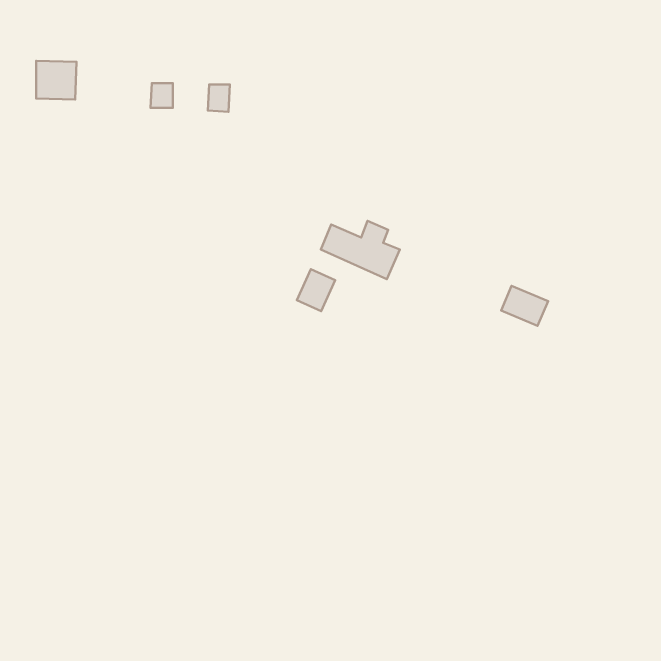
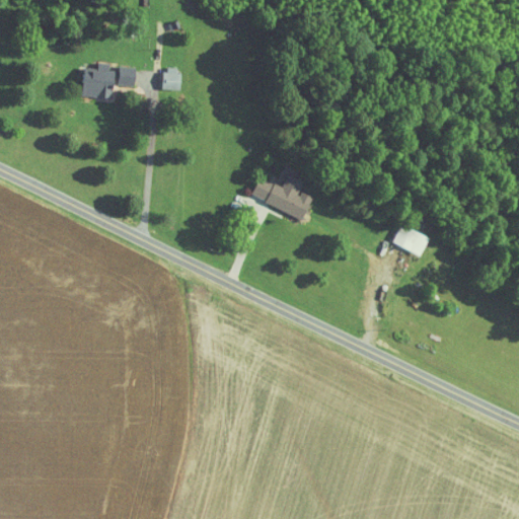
building: [36,61,77,100] -> [83,68,115,98]
building: [297,269,335,311] -> none

